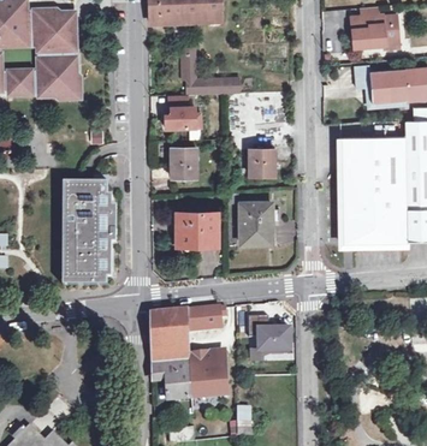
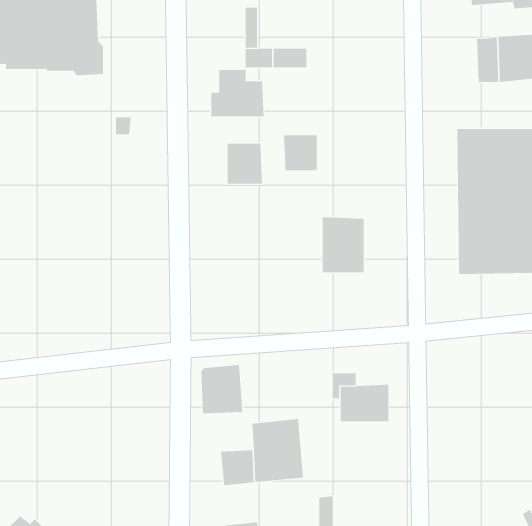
building: [248,149,273,176] -> [283,135,318,171]
building: [61,183,115,285] -> none
building: [177,212,215,245] -> none
building: [188,307,221,328] -> none
building: [153,345,190,375] -> none

